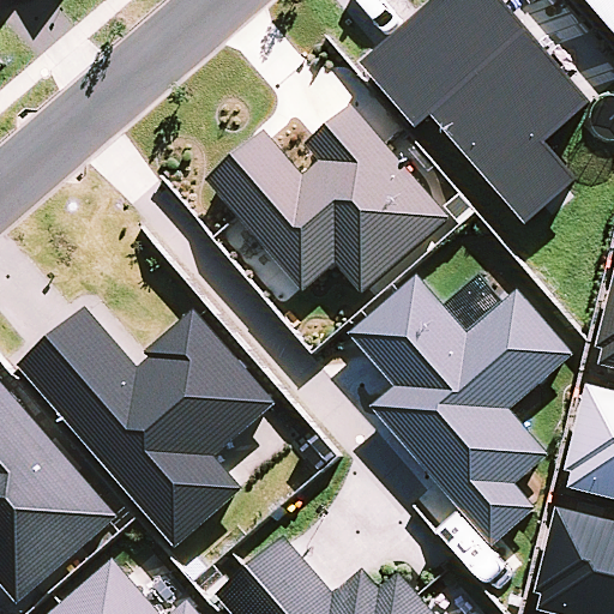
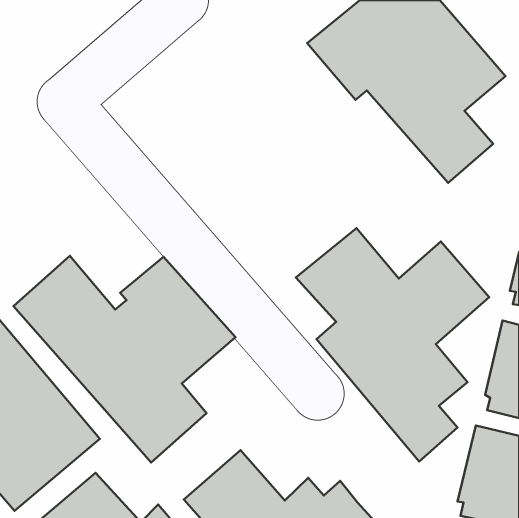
building: [203,104,445,293] -> none

